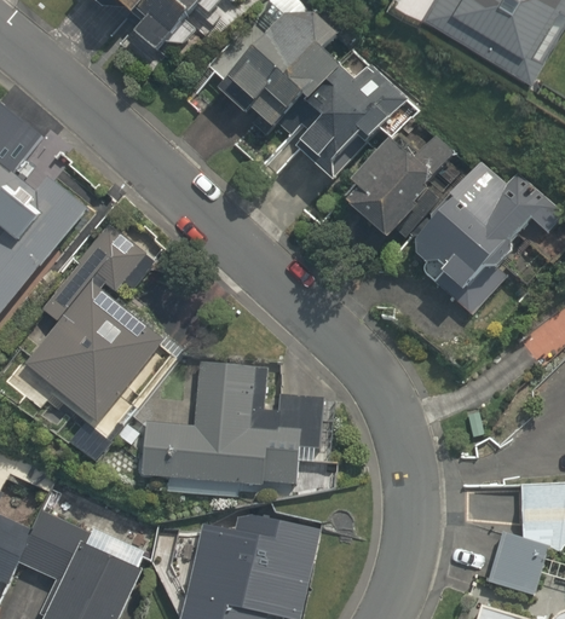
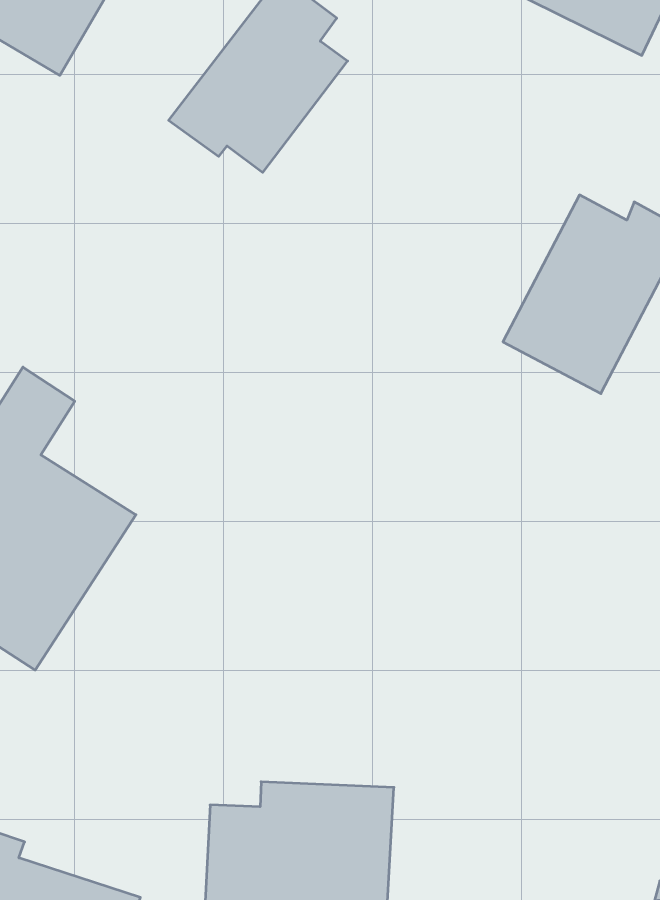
building: [306,71,399,164] -> none
building: [348,141,443,238] -> none
building: [139,363,313,490] -> none

